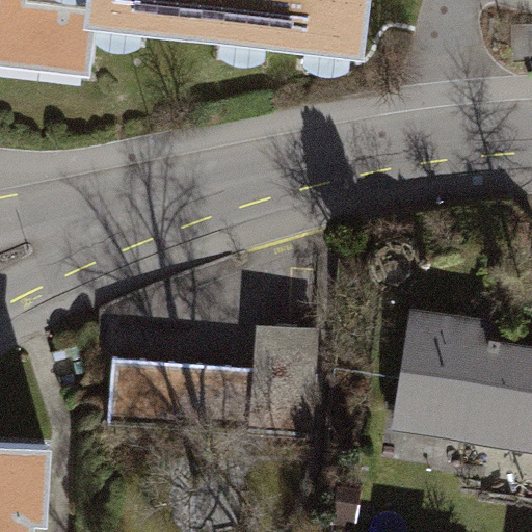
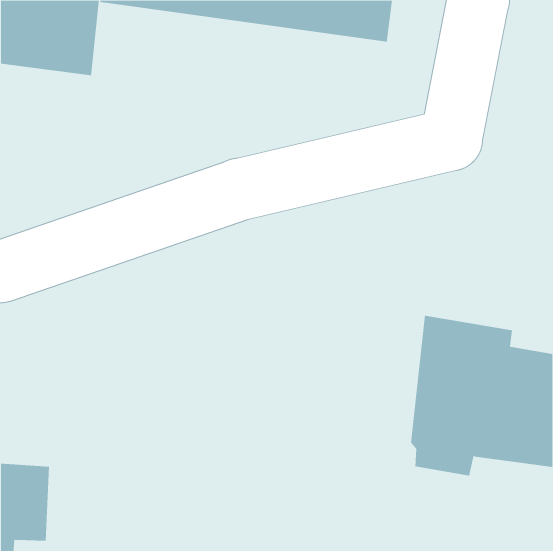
building: [109,339,301,442] -> none

